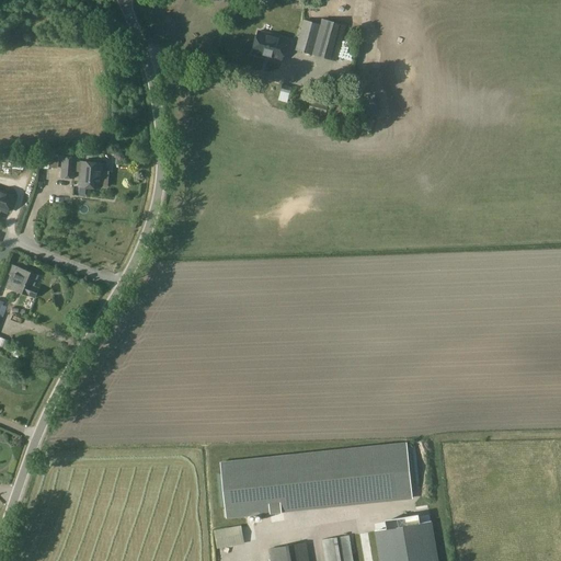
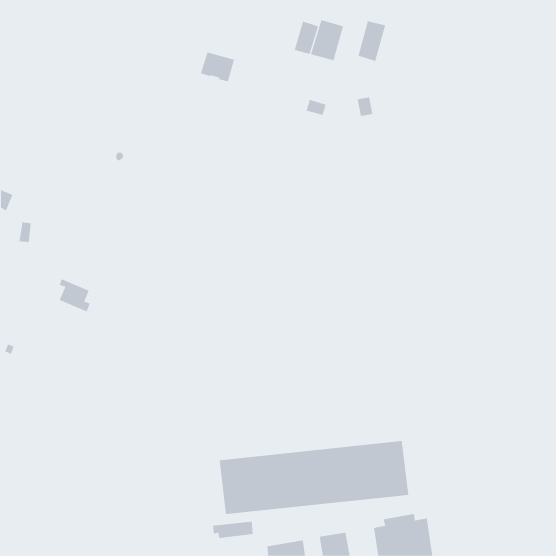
building: none -> [358,21,386,62]
building: [252,32,287,62] -> [200,52,235,82]
building: [60,156,107,188] -> none
building: [7,264,38,298] -> [59,278,91,312]

